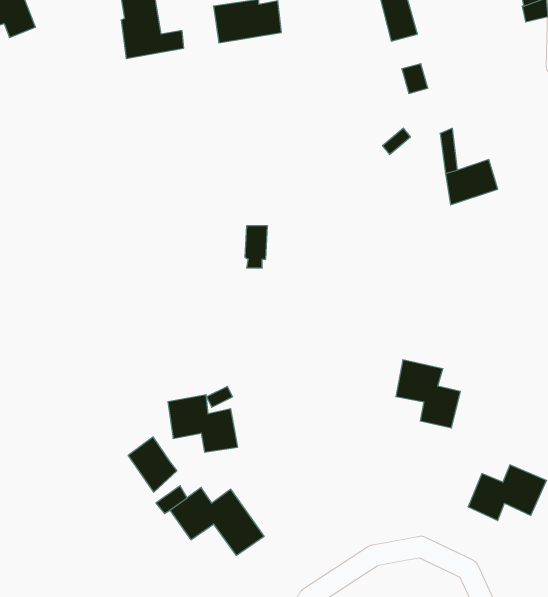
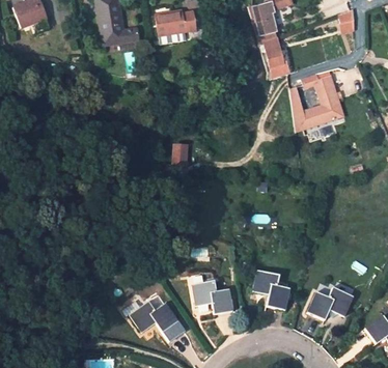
building: none -> [301,77,344,123]
building: [396,360,460,428] -> [252,270,290,310]
building: [168,395,238,452] -> [192,280,233,314]
building: [128,437,177,492] -> none

